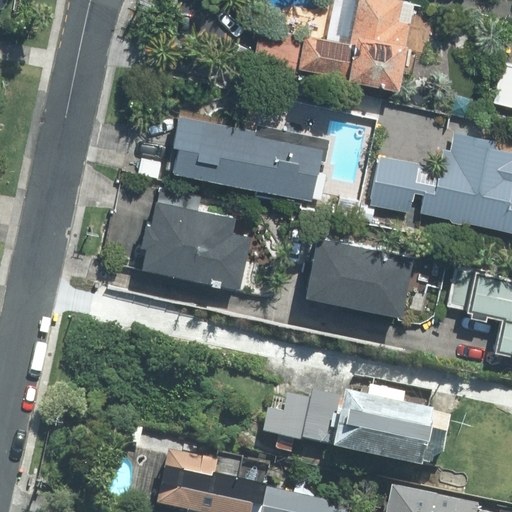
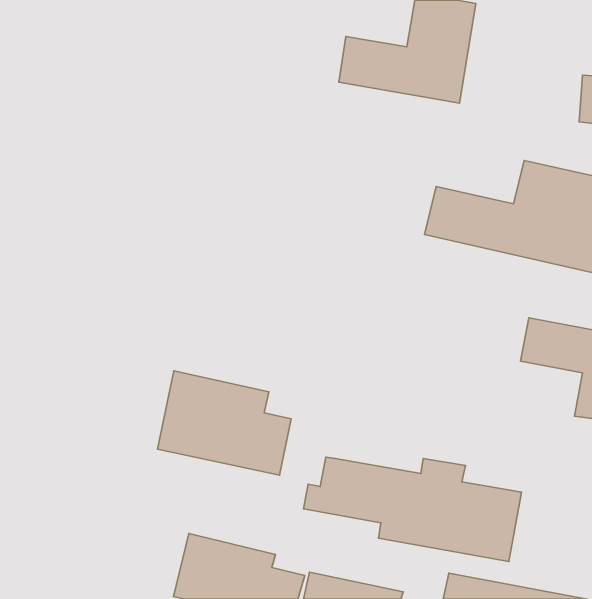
building: [173,114,325,201] -> none
building: [138,198,252,287] -> [157,371,291,475]
building: [306,240,414,315] -> none

